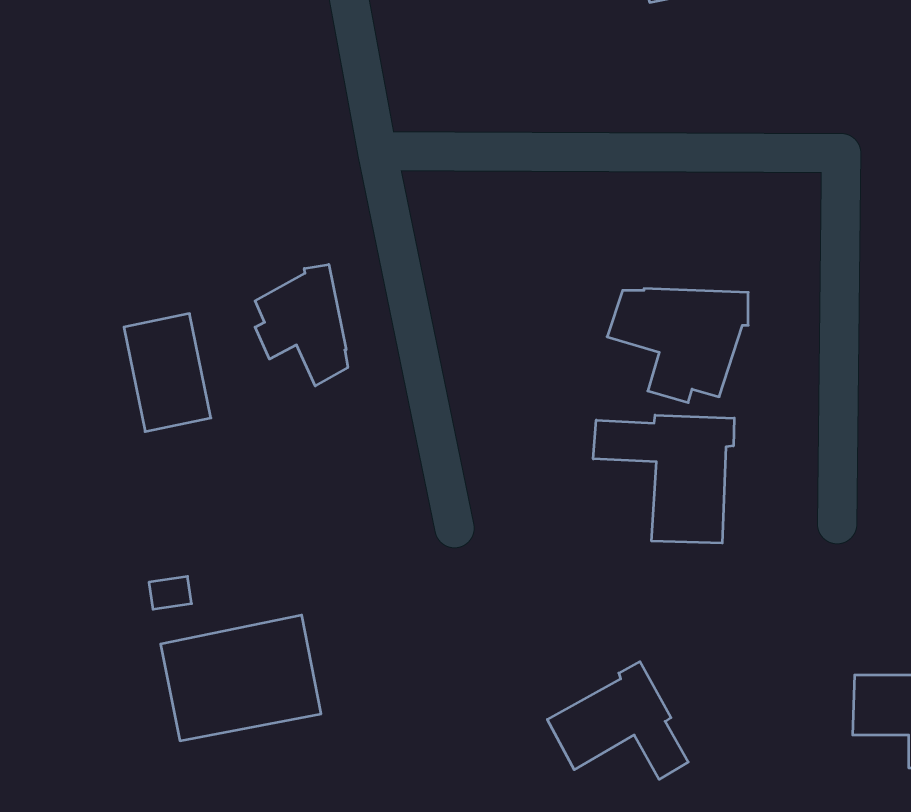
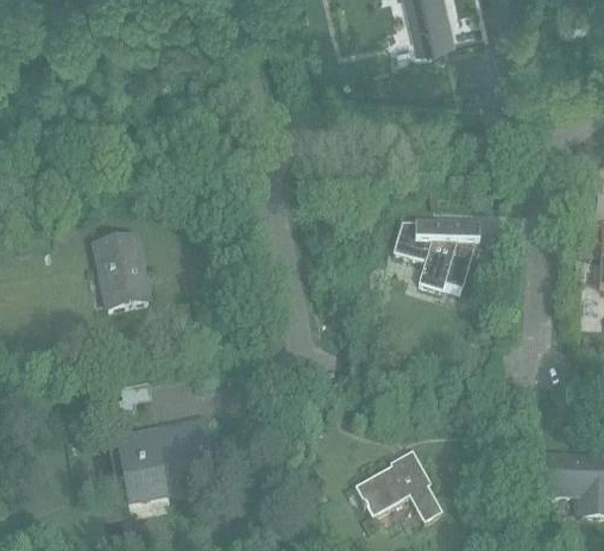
building: [255,264,348,386] -> none
building: [593,415,734,543] -> none

